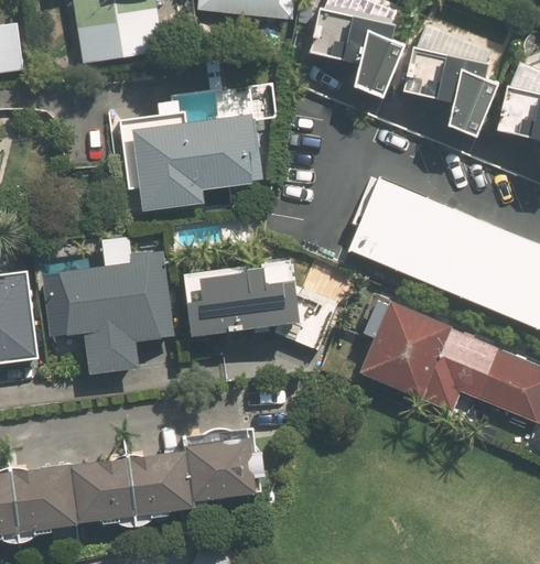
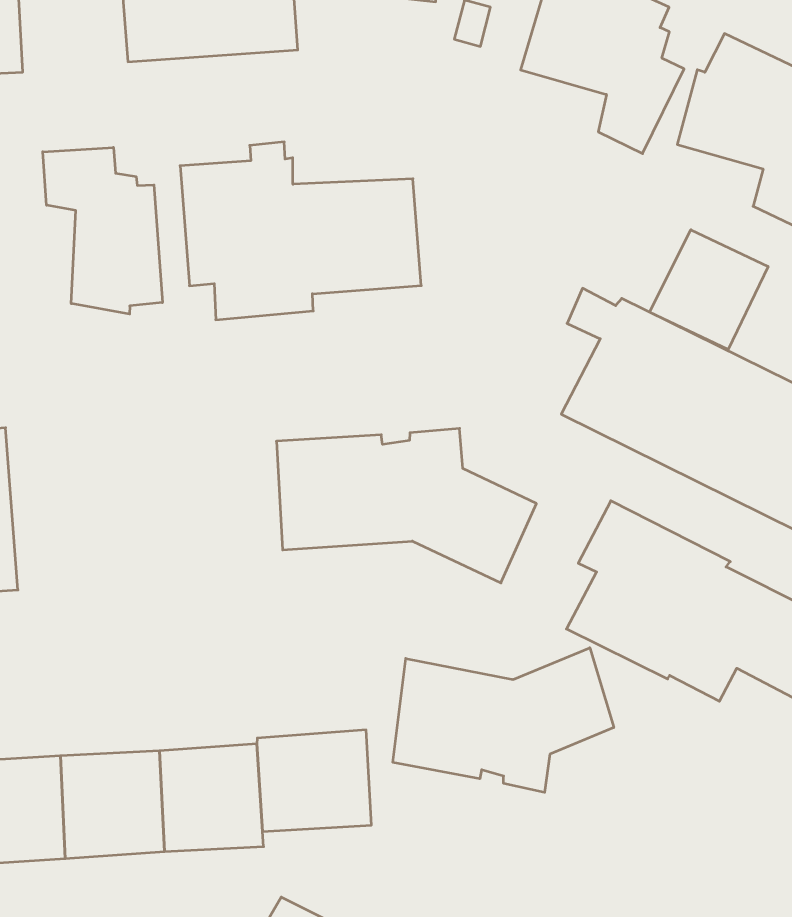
building: none -> [43,147,162,314]
building: none -> [650,230,768,349]
building: [41,249,172,372] -> none
building: none -> [393,648,614,792]

